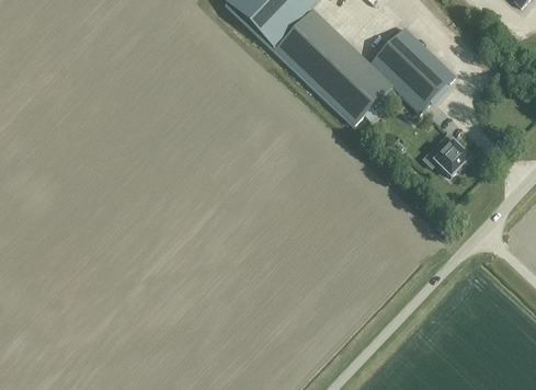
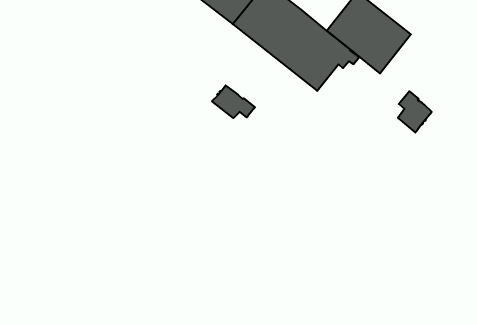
building: none -> [212,85,255,118]

